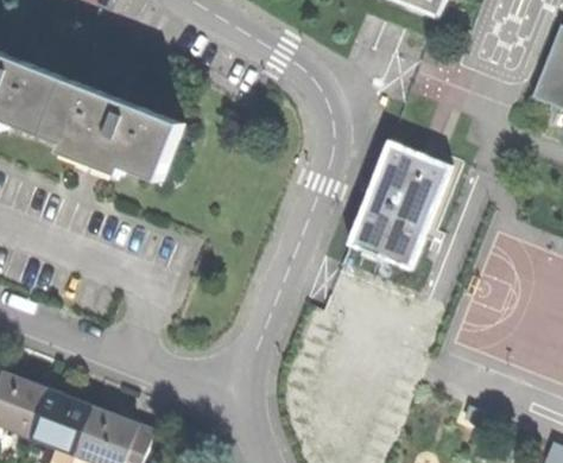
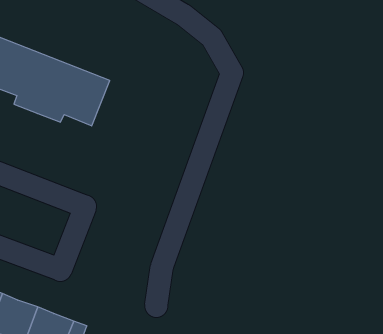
building: [347,139,450,266] -> none

